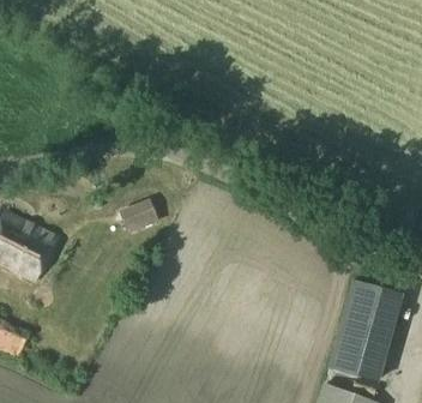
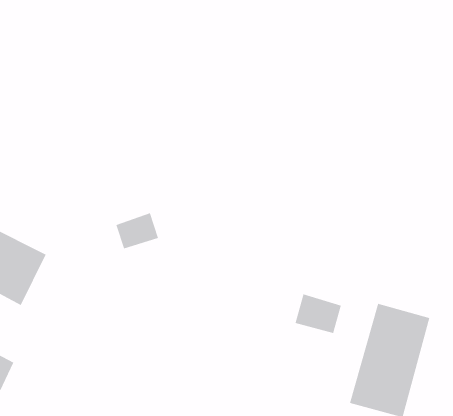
building: none -> [295,293,342,334]

